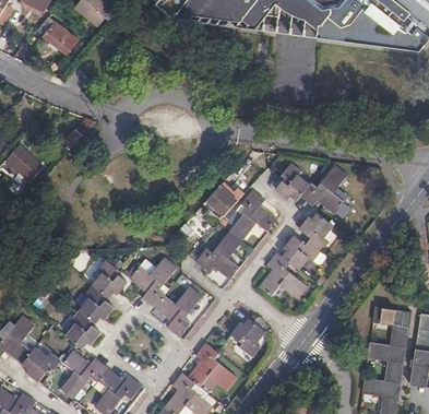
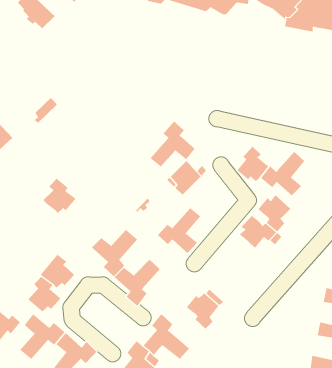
building: [229,190,276,239] -> [150,120,195,167]
building: [260,251,308,299] -> none
building: [92,260,127,297] -> [43,178,76,214]

